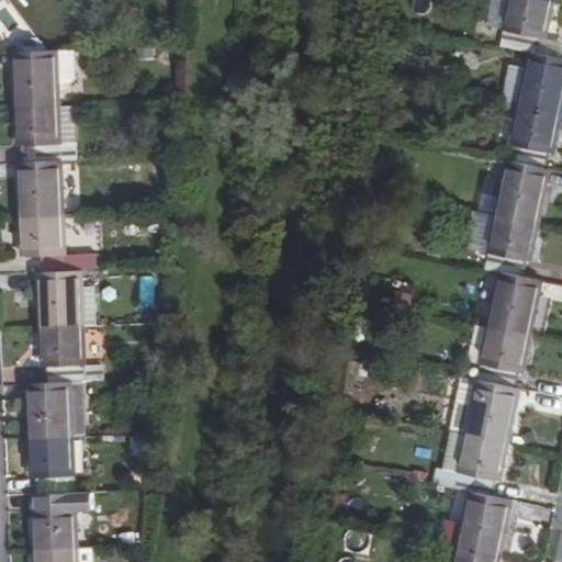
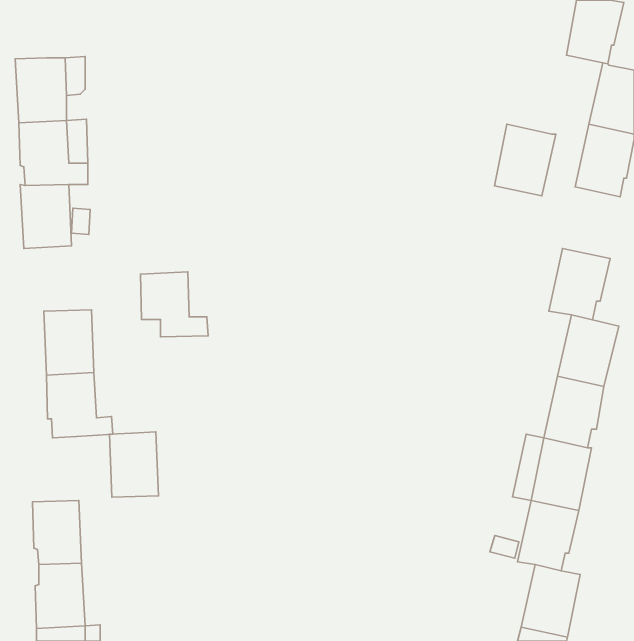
building: [493,164,547,226] -> [494,124,556,196]
building: [21,215,80,272] -> [140,272,208,337]
building: [26,382,69,439] -> [109,432,158,497]

